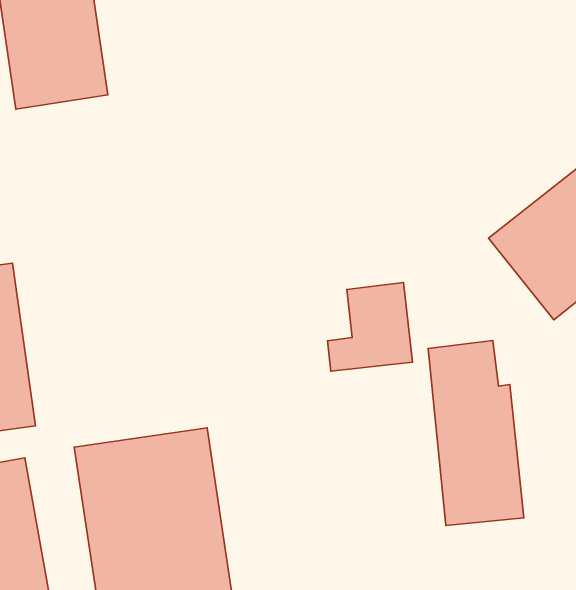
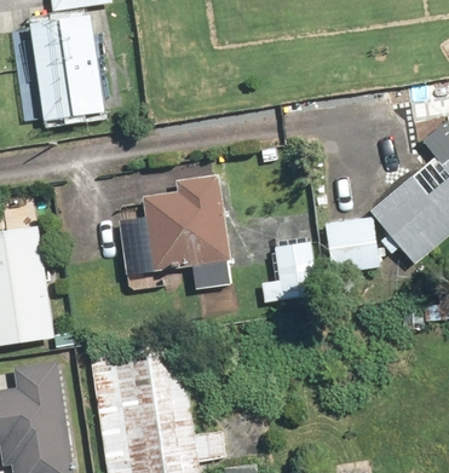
building: none -> [120,177,230,276]
building: none -> [323,217,373,270]
building: [428,340,524,526] -> none

